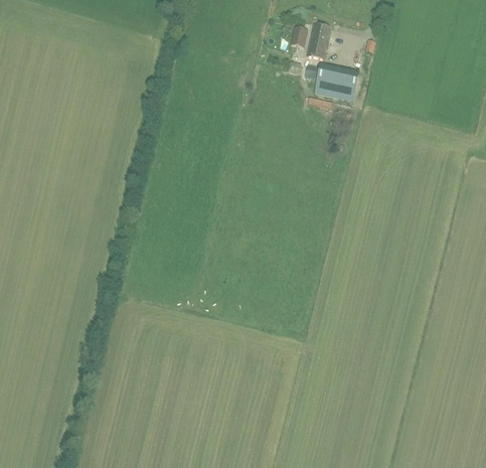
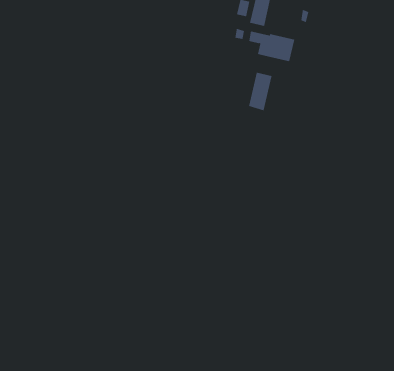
building: none -> [248,72,272,111]

